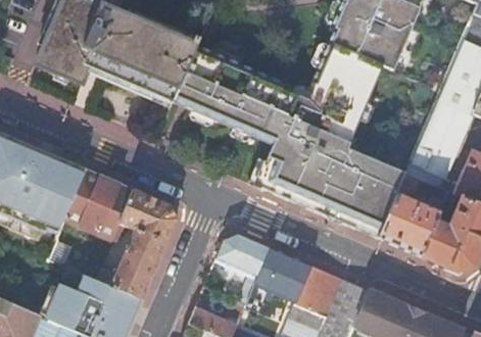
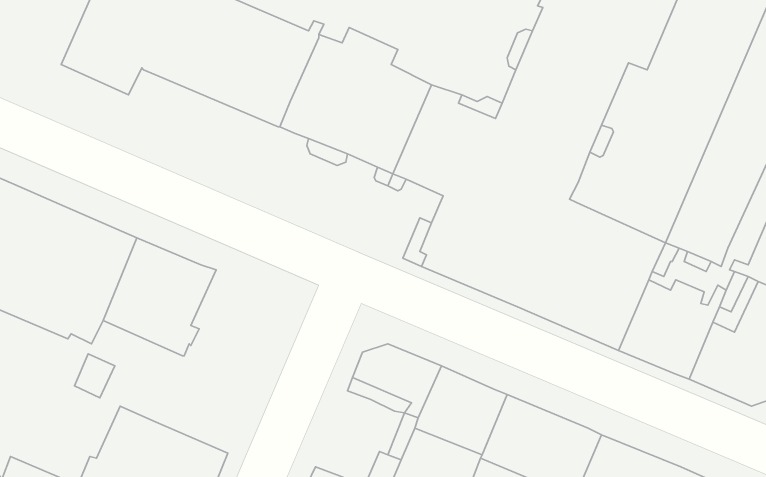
building: [96,189,177,300] -> none

